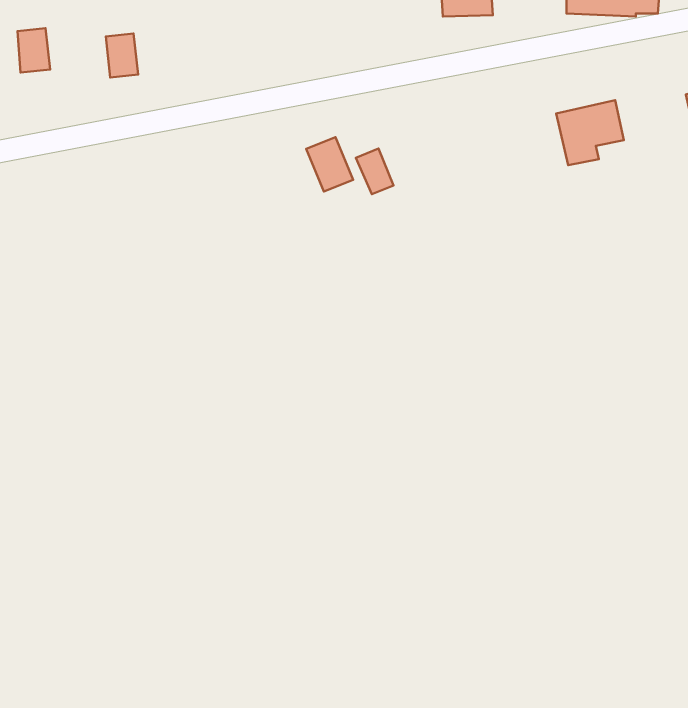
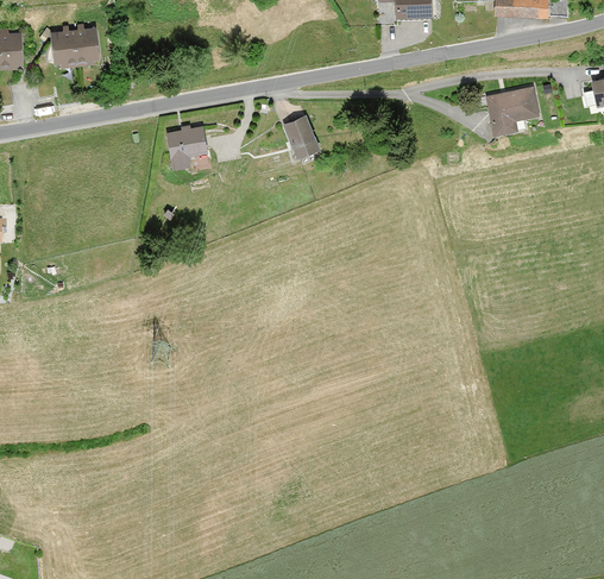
building: [106,33,138,78] -> [73,25,99,61]
building: none -> [164,124,207,169]
building: [356,149,394,194] -> none

